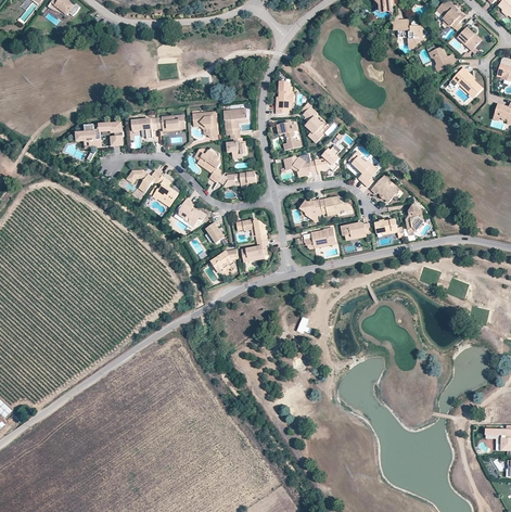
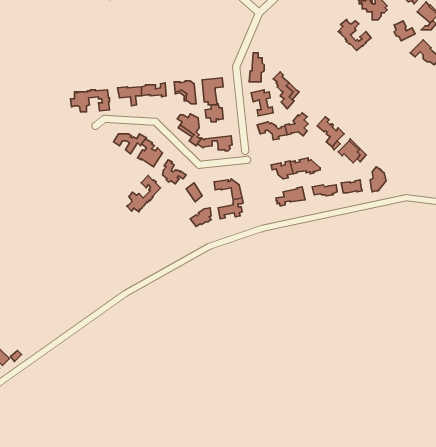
building: none -> [338,19,371,51]
building: none -> [127,176,160,212]

